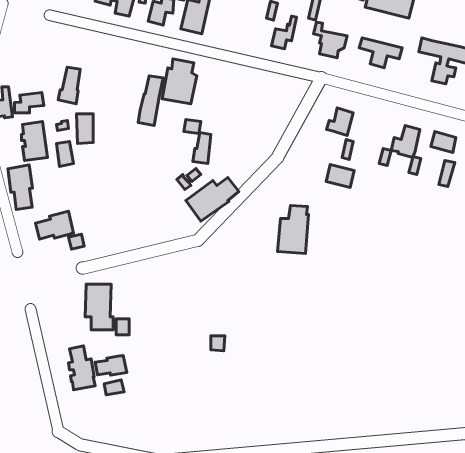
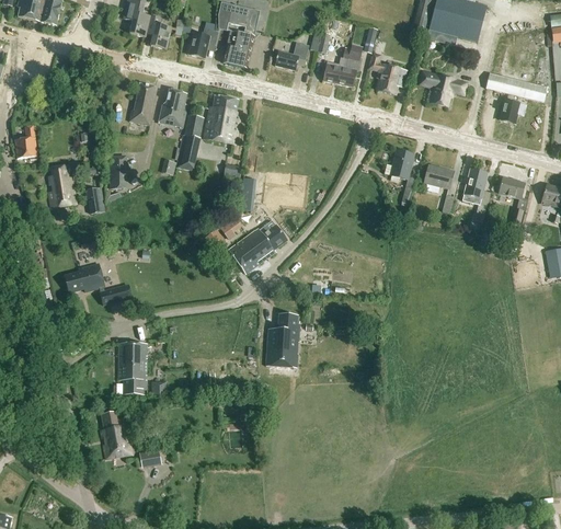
building: none -> [276,41,310,69]
building: none -> [337,48,362,87]
building: none -> [159,89,187,126]
building: [58,67,80,104] -> [130,83,154,124]
building: [14,92,44,113] -> none
building: [326,165,354,188] -> [423,163,454,188]
building: [8,165,33,209] -> none
building: [278,206,308,253] -> [265,313,299,366]
building: [95,355,127,375] -> none

